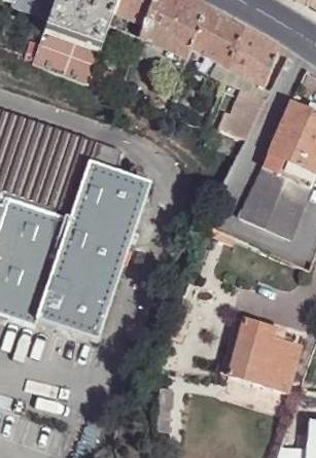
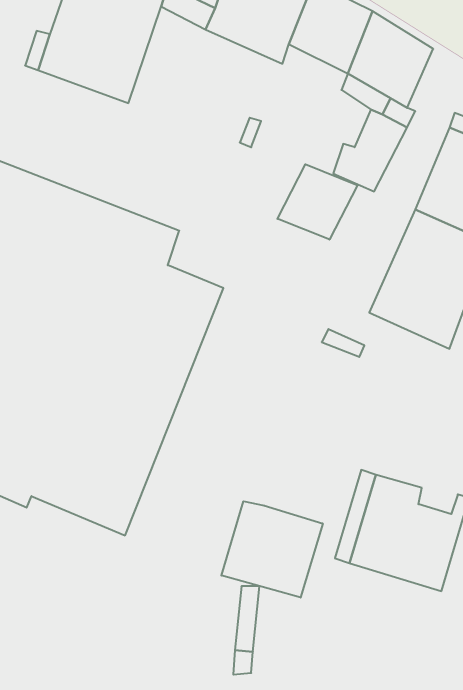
building: none -> [277,164,357,240]
building: none -> [221,501,323,598]

